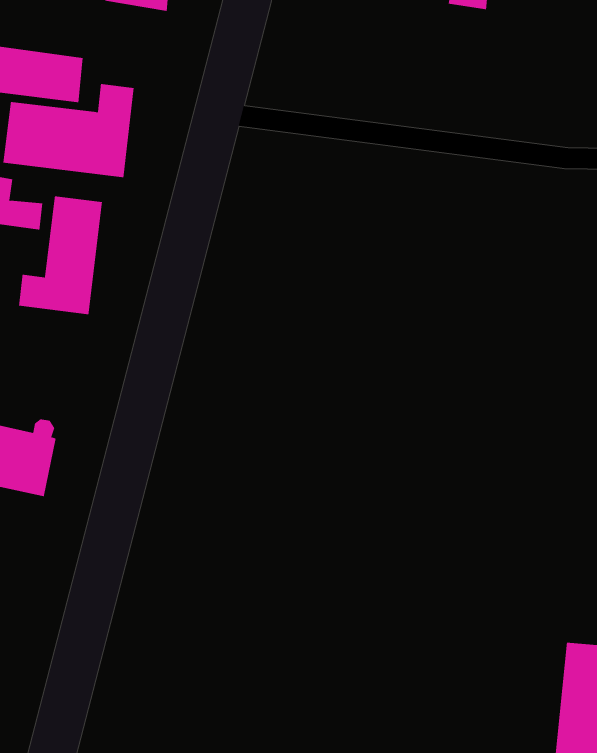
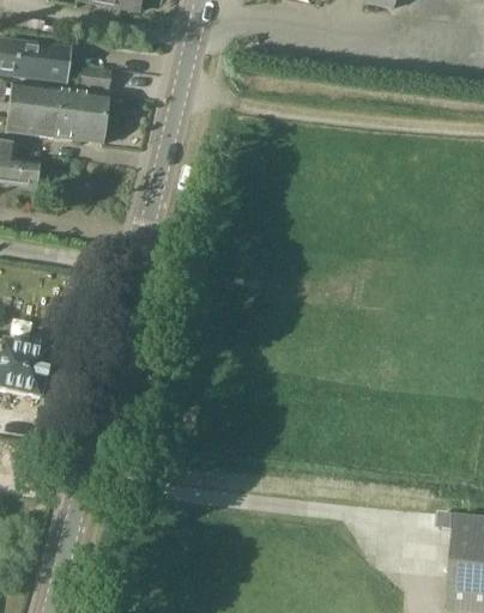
building: [19,195,102,315] -> none

